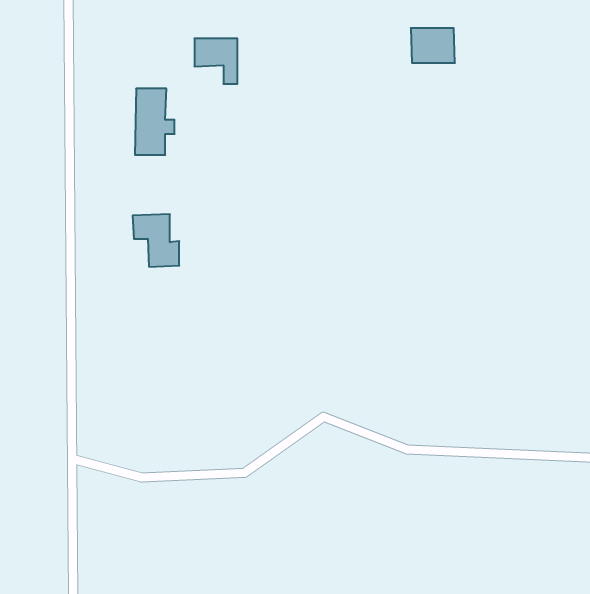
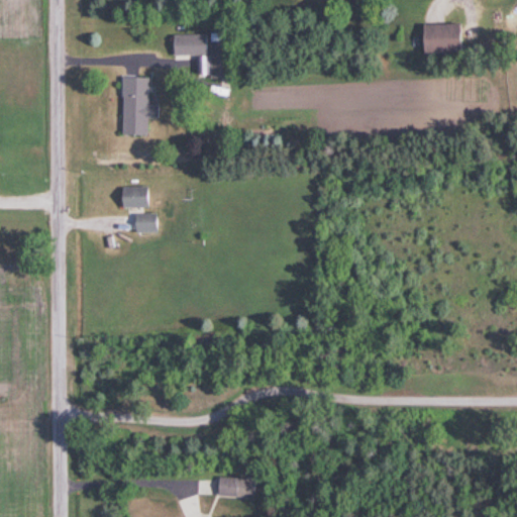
building: [411,28,455,63] -> [420,22,458,53]
building: none -> [217,477,257,497]

